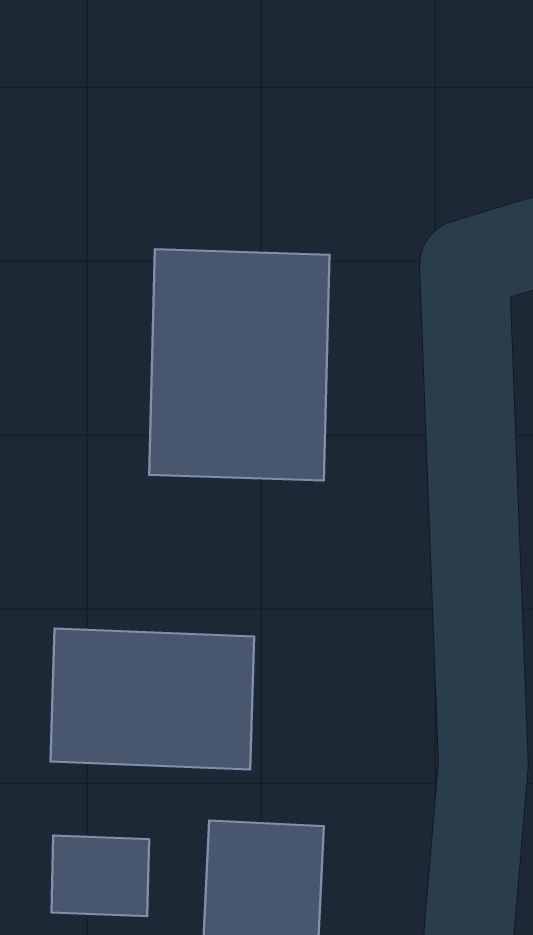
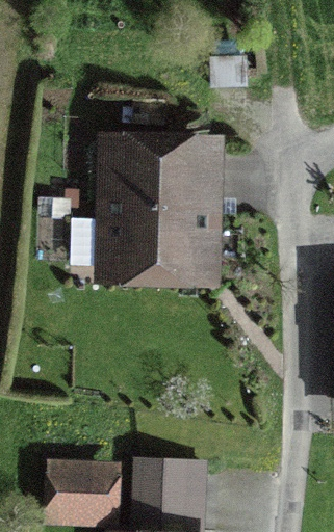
building: [51,629,254,769] -> none

